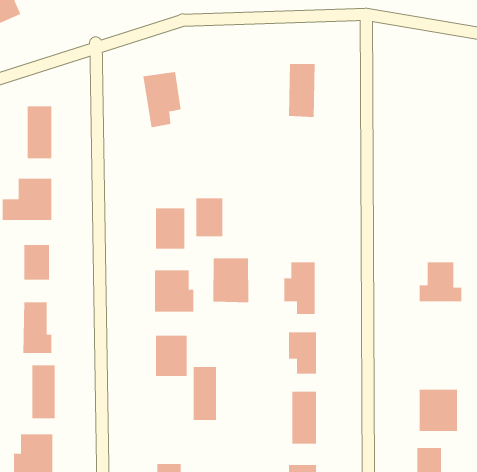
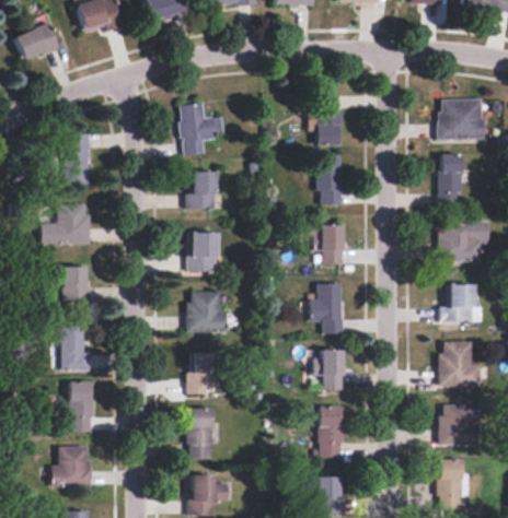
building: none -> [438,98,484,138]
building: none -> [439,153,461,205]
building: none -> [318,154,342,204]
building: none -> [439,221,489,260]
building: none -> [309,222,343,262]
building: [196,198,223,237] -> [188,172,215,209]
building: [213,257,249,303] -> none
building: none -> [439,341,481,386]
building: [193,367,217,420] -> [189,408,212,459]

